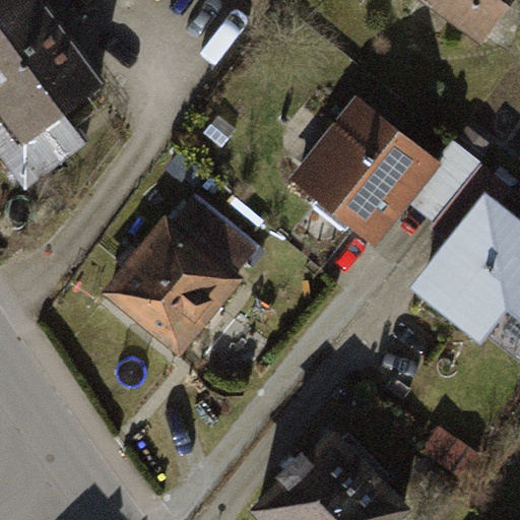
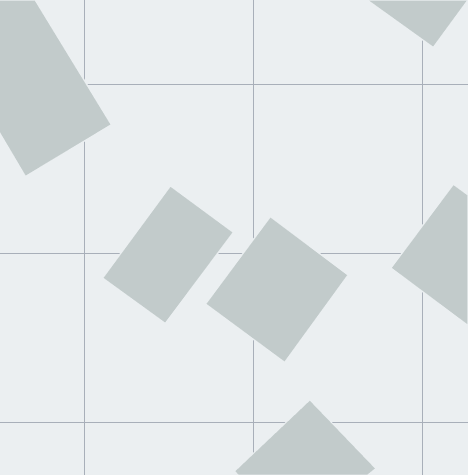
building: [275,82,437,241] -> none
building: none -> [206,216,348,363]

